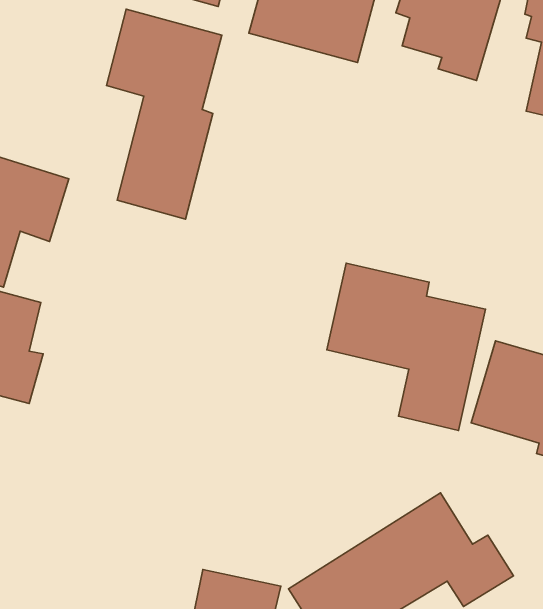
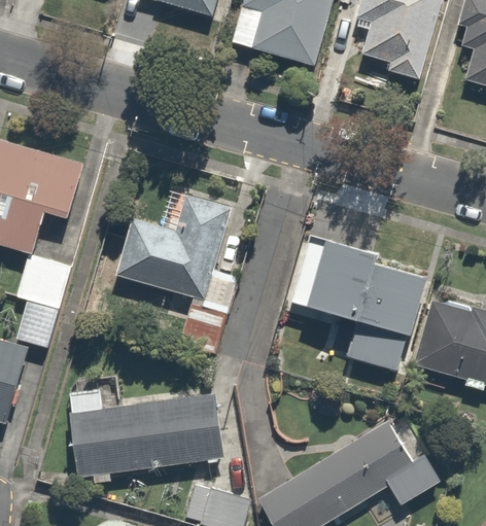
building: [107,9,222,219] -> none
building: none -> [114,199,240,346]
building: none -> [64,370,229,482]

